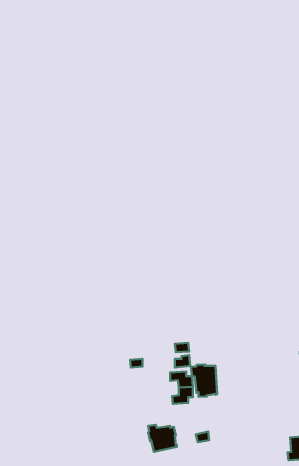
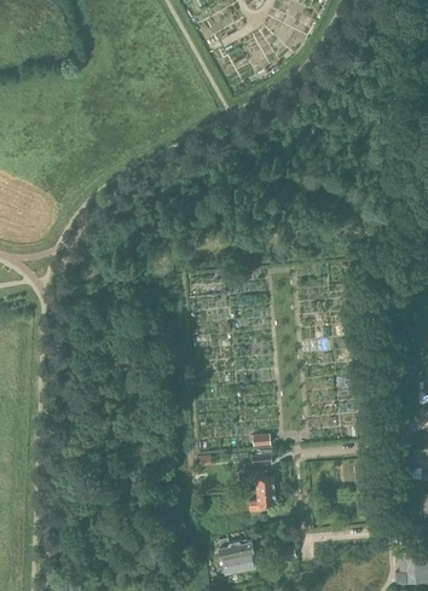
building: [191,365,217,397] -> none

